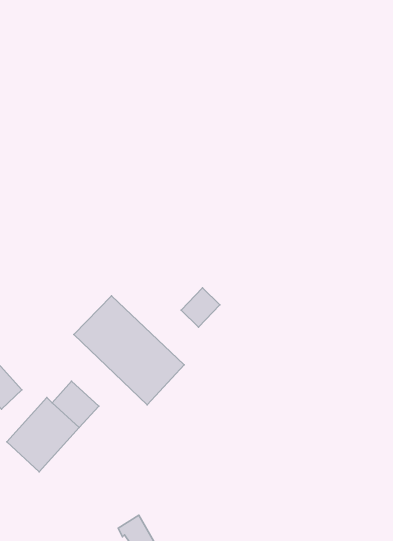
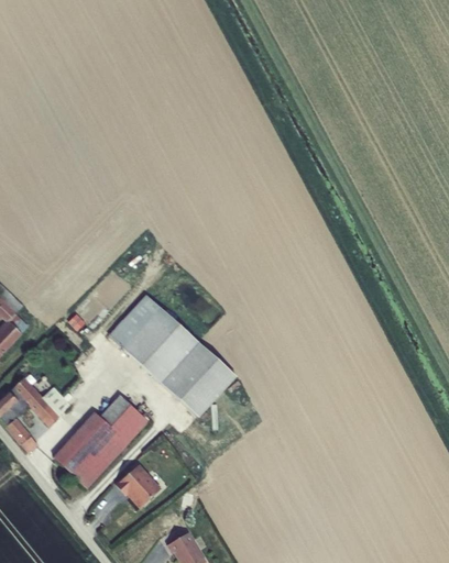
building: none -> [108,296,161,347]
building: [181,288,220,327] -> none
building: none -> [116,463,161,507]

